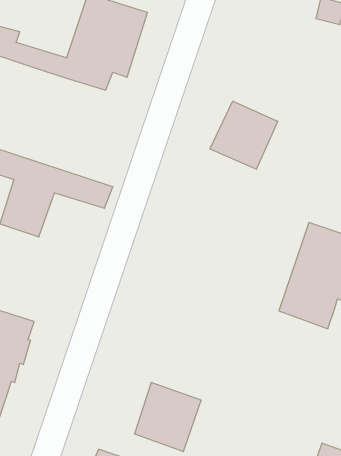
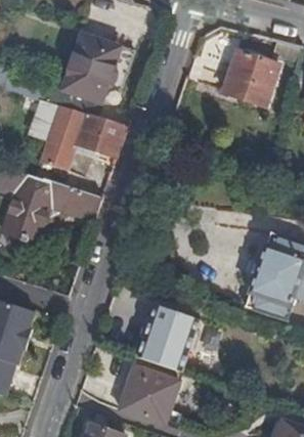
building: none -> [42,106,126,172]
building: [210,101,278,169] -> [221,46,279,104]
building: none -> [137,306,200,374]

